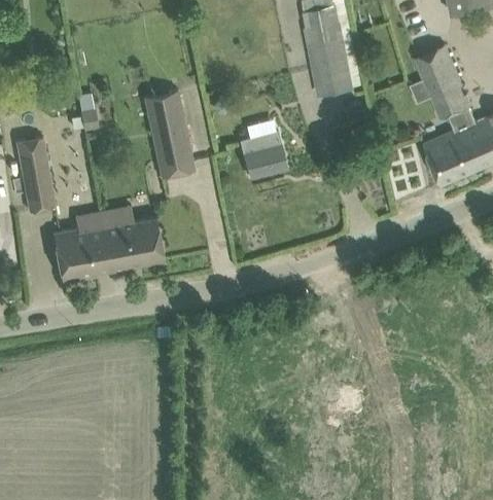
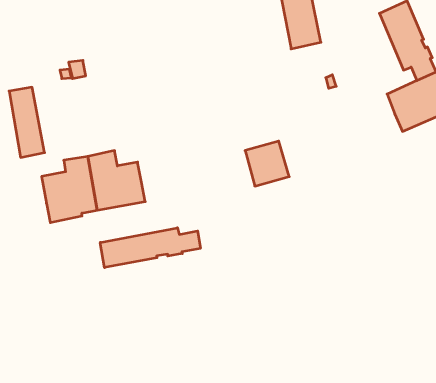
building: [144,92,196,179] -> none
building: [240,131,287,179] -> [245,141,289,186]
building: none -> [100,228,200,268]

